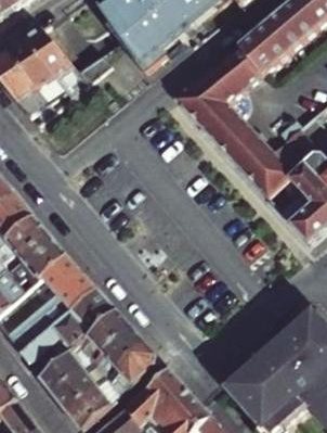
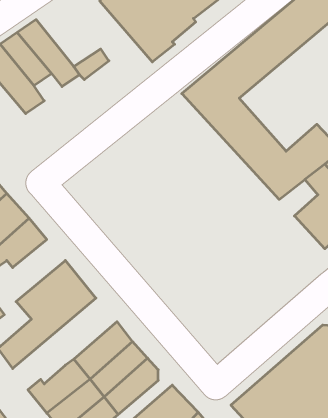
building: [15,232,67,290] -> none
building: [18,286,115,364] -> none

